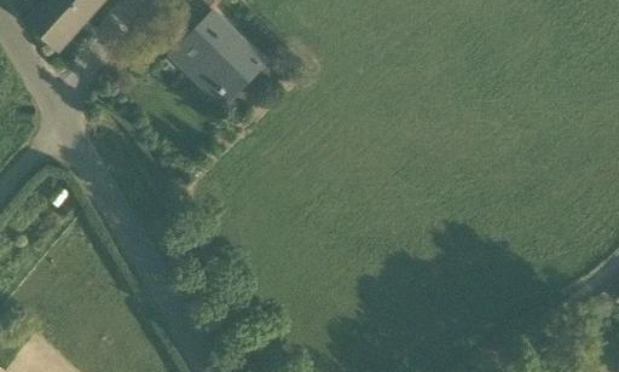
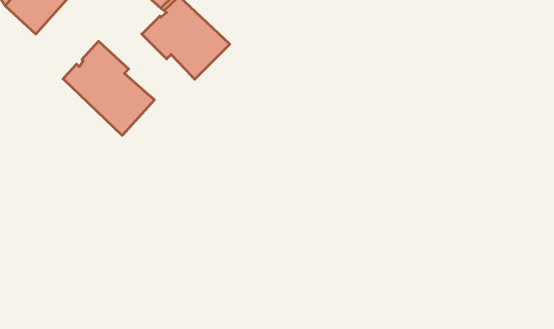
building: none -> [63,41,154,135]

